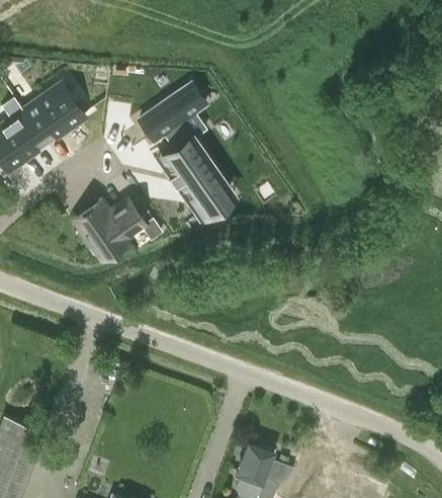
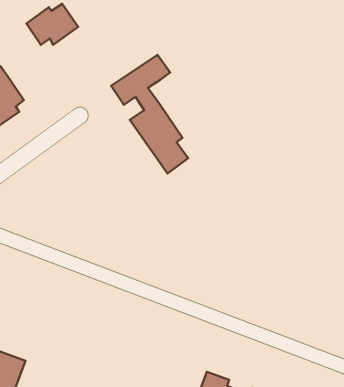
building: [24,89,83,136] -> [26,4,78,45]
building: [73,199,146,259] -> none

